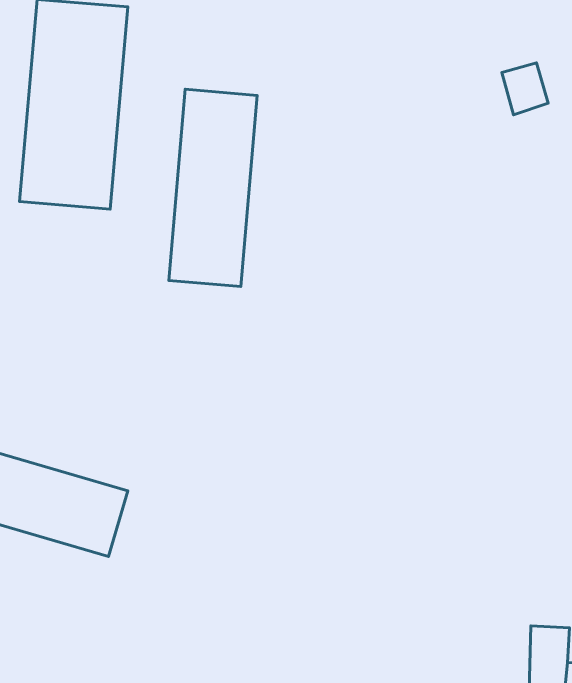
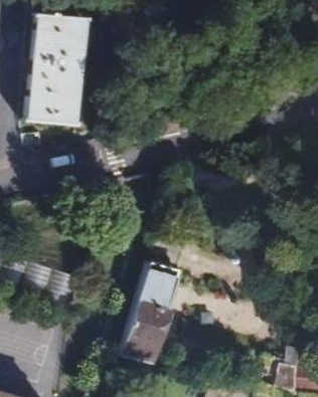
building: [169,89,257,287] -> none
building: none -> [124,231,187,362]

